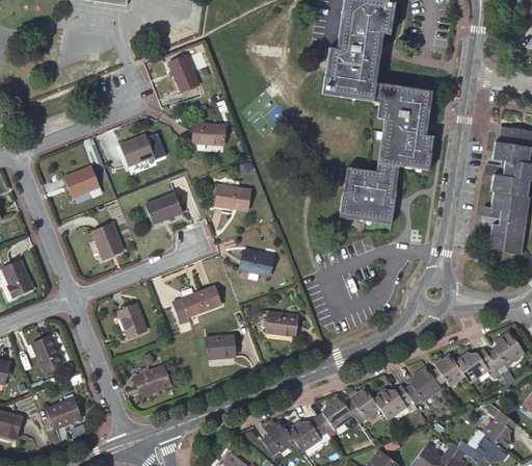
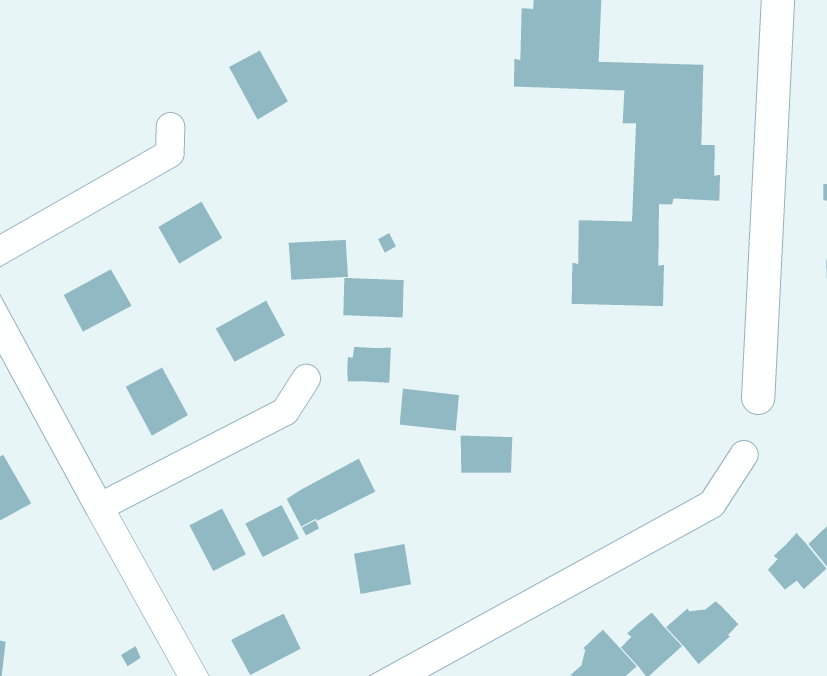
building: [192,122,225,145] -> [288,239,349,280]
building: none -> [347,346,392,383]
building: none -> [245,504,300,558]
building: [267,311,298,335] -> [460,435,513,473]
building: [32,335,62,371] -> none
building: [404,365,443,404] -> none

